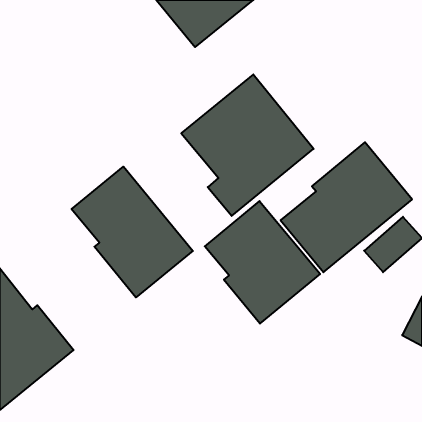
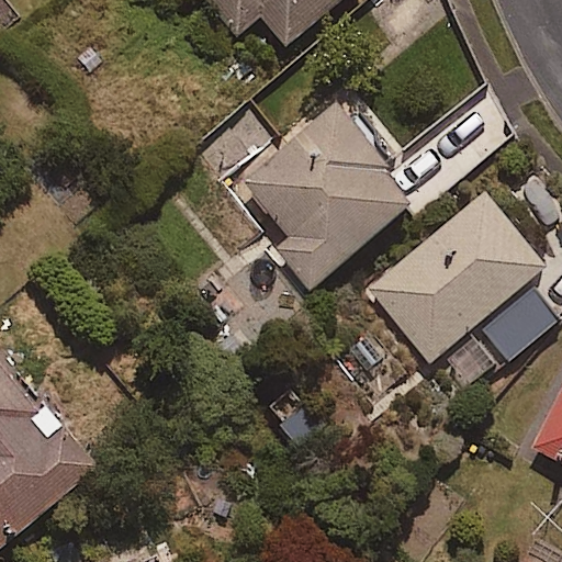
building: [72,167,193,297] -> none
building: [205,201,320,324] -> none

